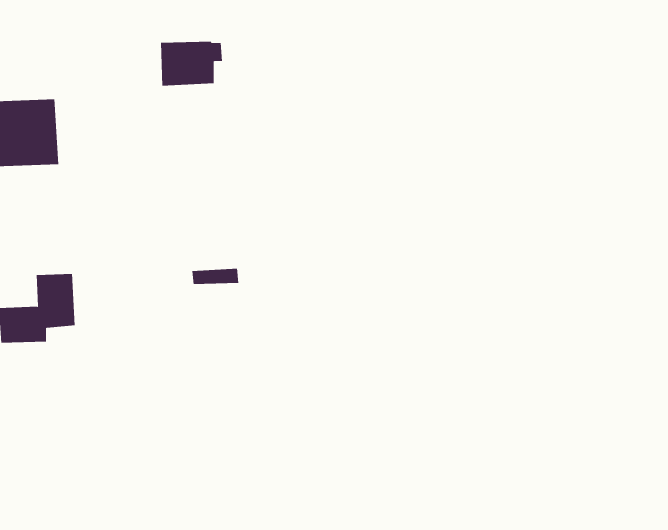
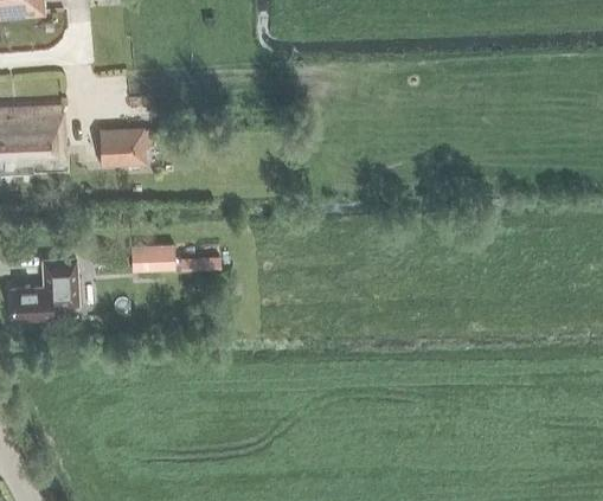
building: [160,41,223,86] -> [96,127,150,166]
building: none -> [128,243,173,270]

